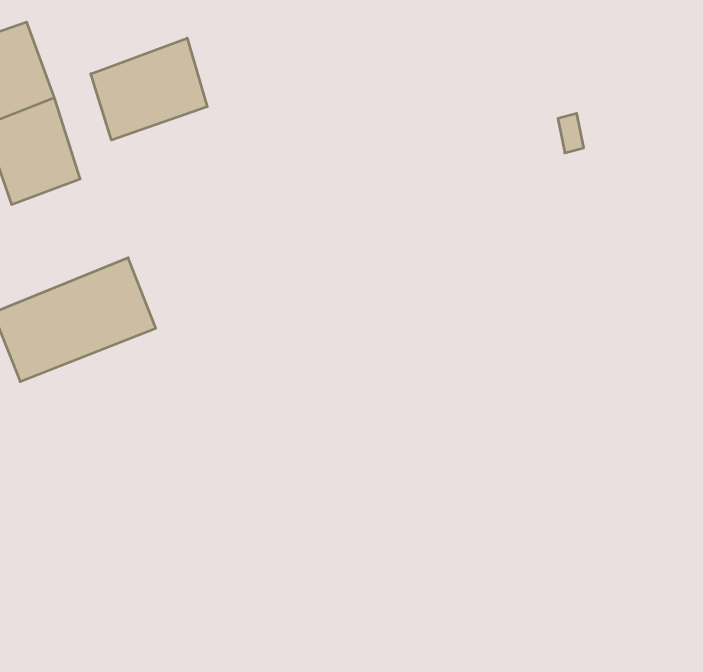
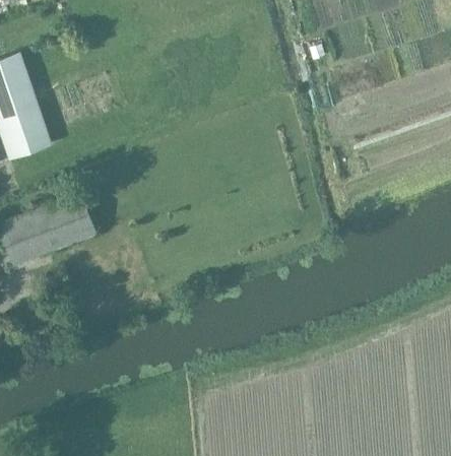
building: [91,38,207,140] -> none

